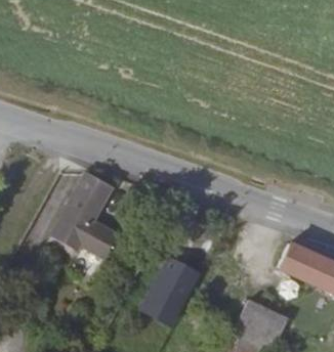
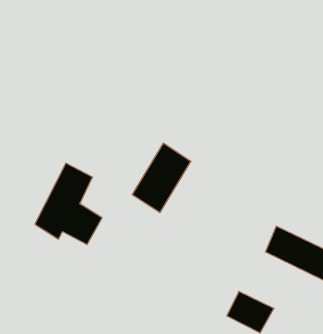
building: [145,259,202,325] -> [132,143,191,213]

